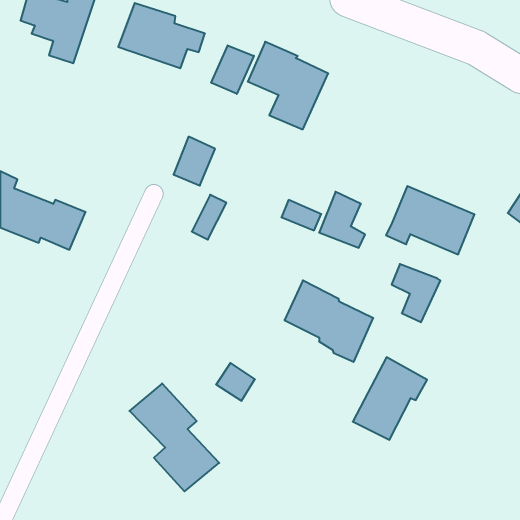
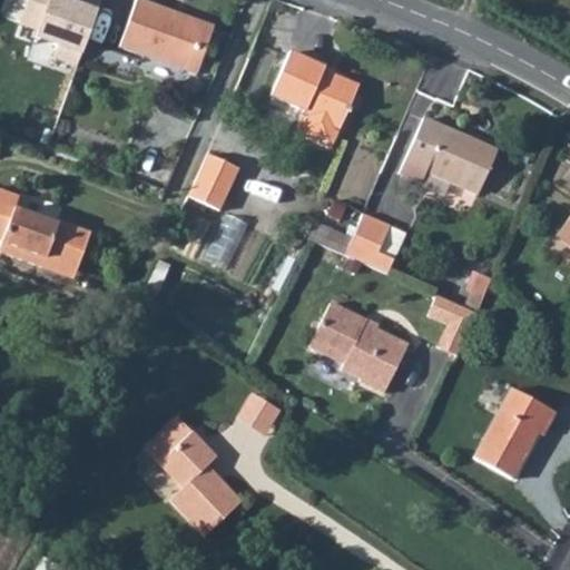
building: [211,45,254,94] -> none
building: [386,186,475,254] -> [402,117,499,191]
building: [353,357,427,440] -> [470,395,551,485]

